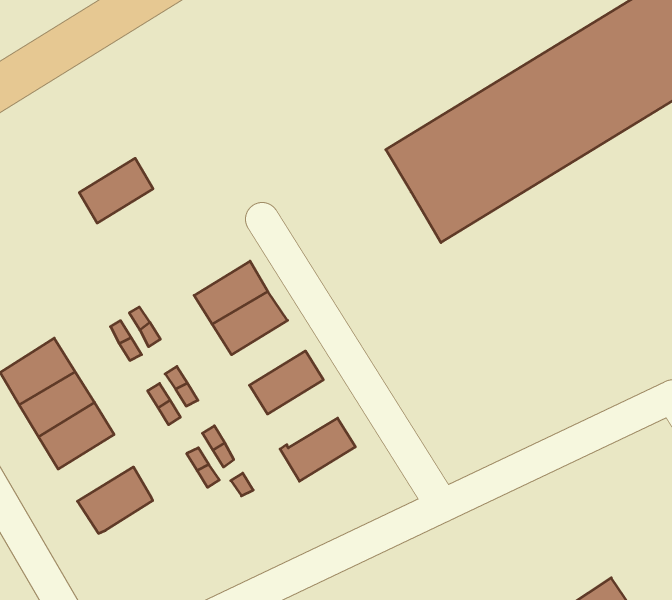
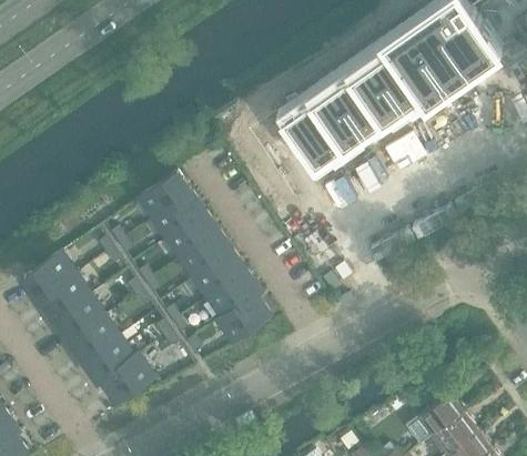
building: [79,158,153,223] -> [143,176,193,222]
building: none -> [184,235,234,281]
building: none -> [211,274,262,322]
building: none -> [71,320,122,366]
building: none -> [105,357,155,405]

